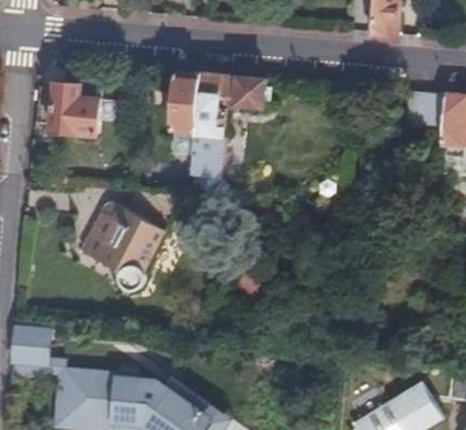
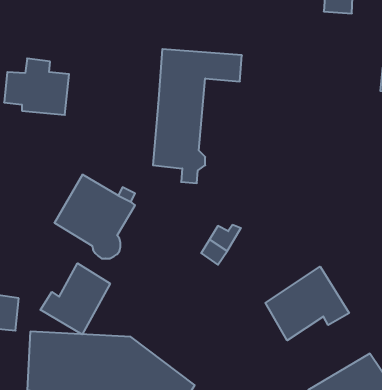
building: [168,68,197,127] -> none
building: none -> [40,263,110,334]
building: none -> [265,267,349,340]

